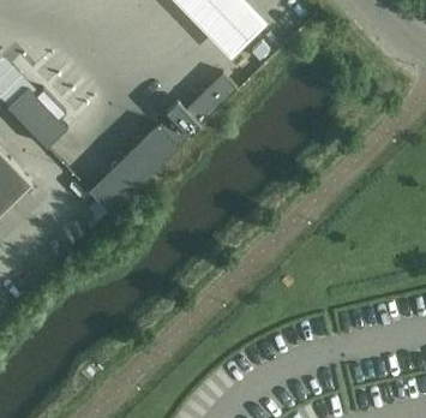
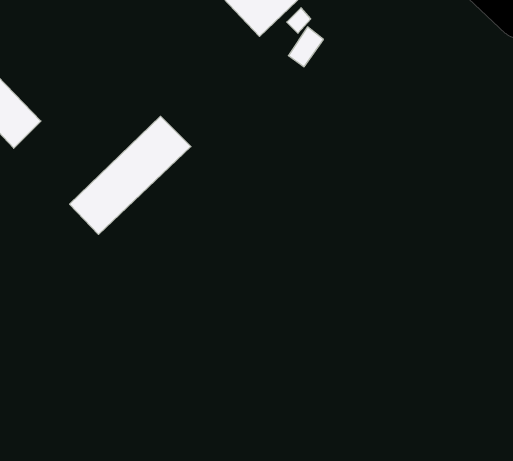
building: [166,73,239,136] -> none

